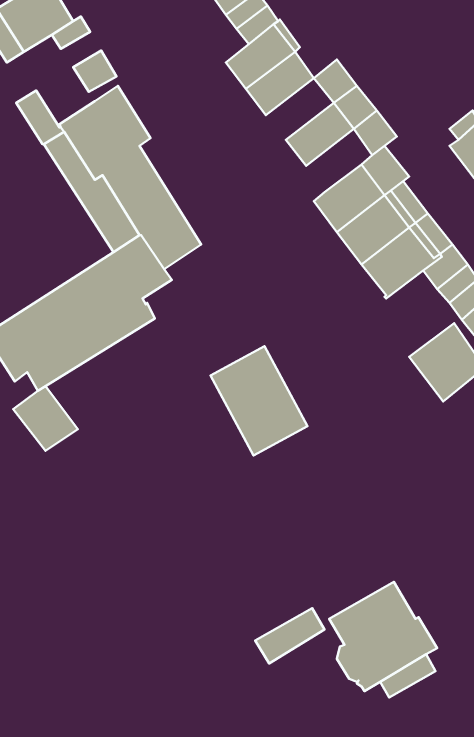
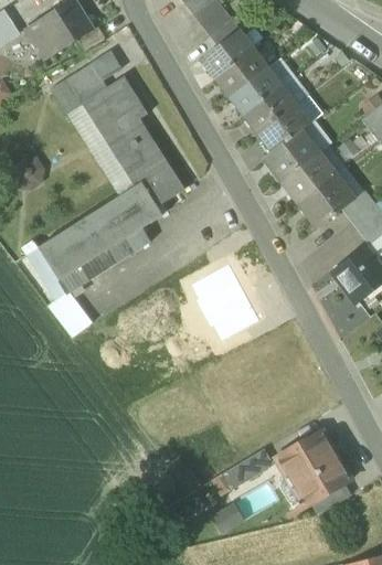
building: none -> [65,62,107,105]
building: none -> [230,70,278,114]
building: none -> [258,106,306,151]

